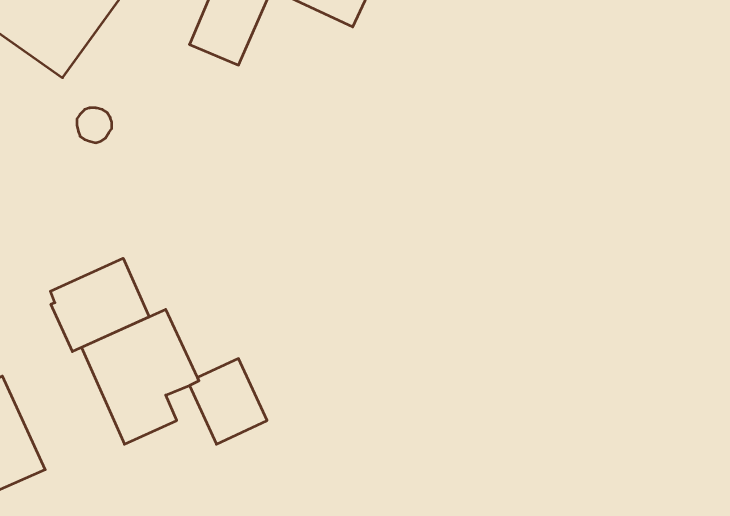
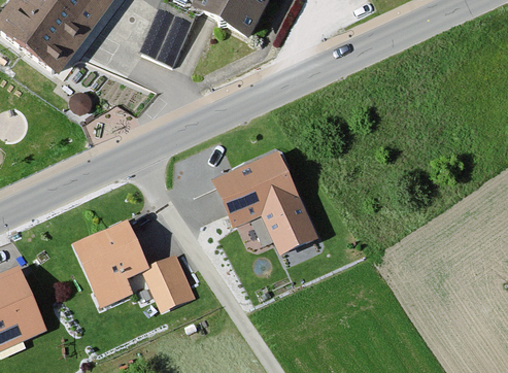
building: none -> [211,151,316,253]
building: [50,258,149,352] -> none

